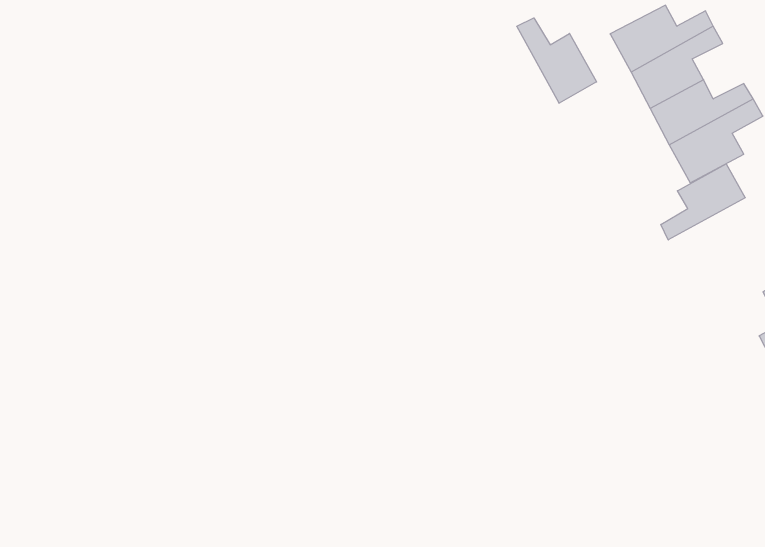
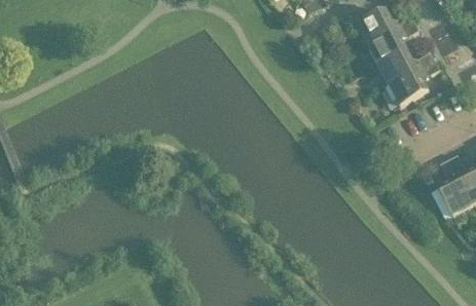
building: [517,18,597,103] -> none
building: [661,164,745,240] -> none

